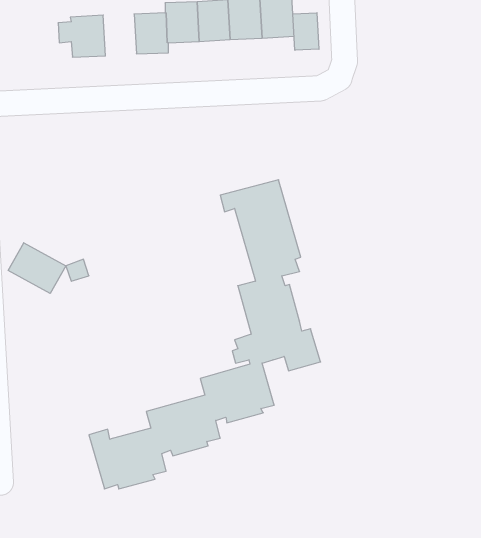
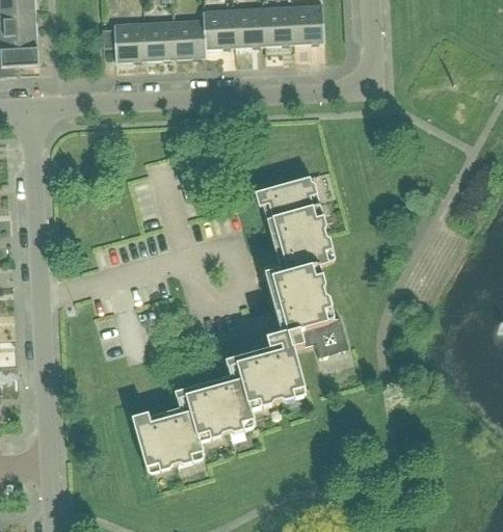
building: [293,13,319,50] -> none
building: none -> [143,21,175,60]
building: [8,243,66,293] -> none

